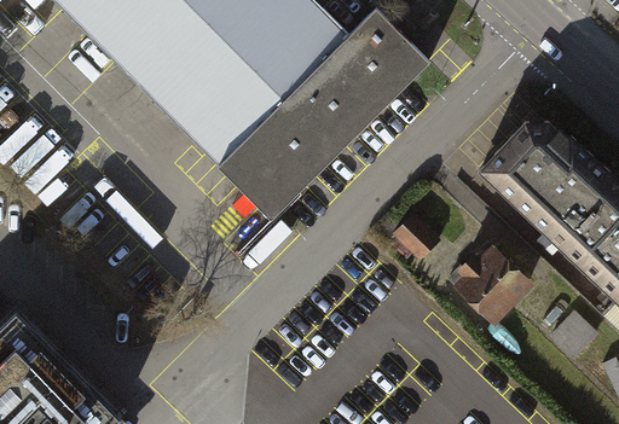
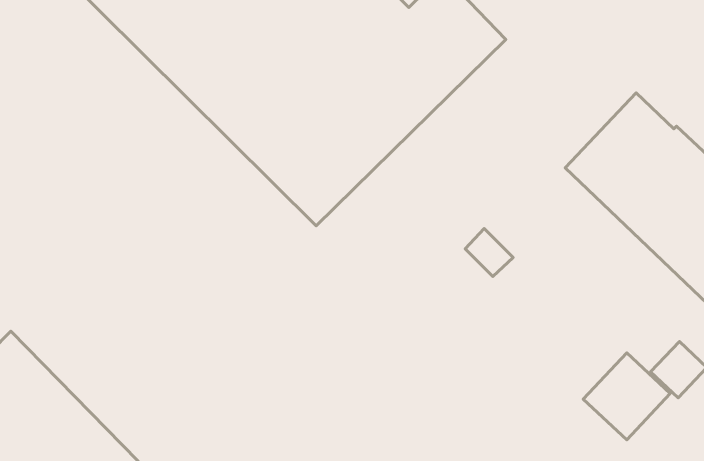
building: [457,246,530,319] -> [583,353,670,440]

